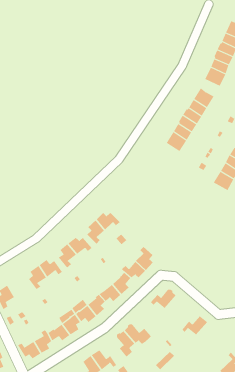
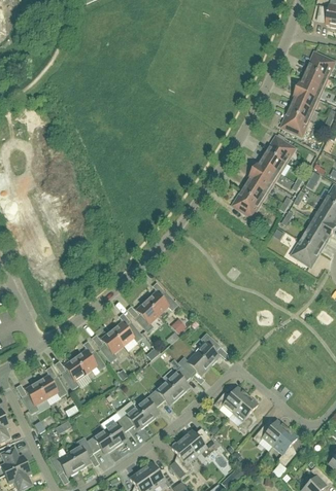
building: none -> [35,375,65,397]
building: none -> [232,395,257,430]
building: none -> [271,428,296,463]

